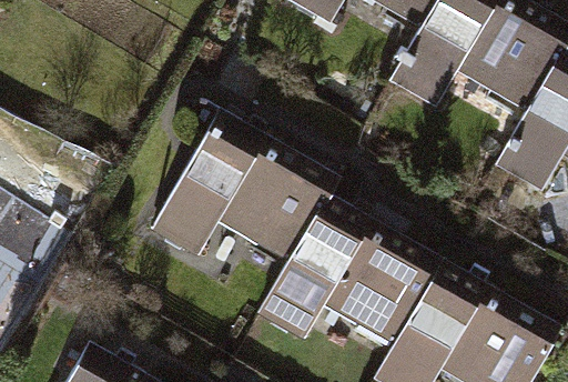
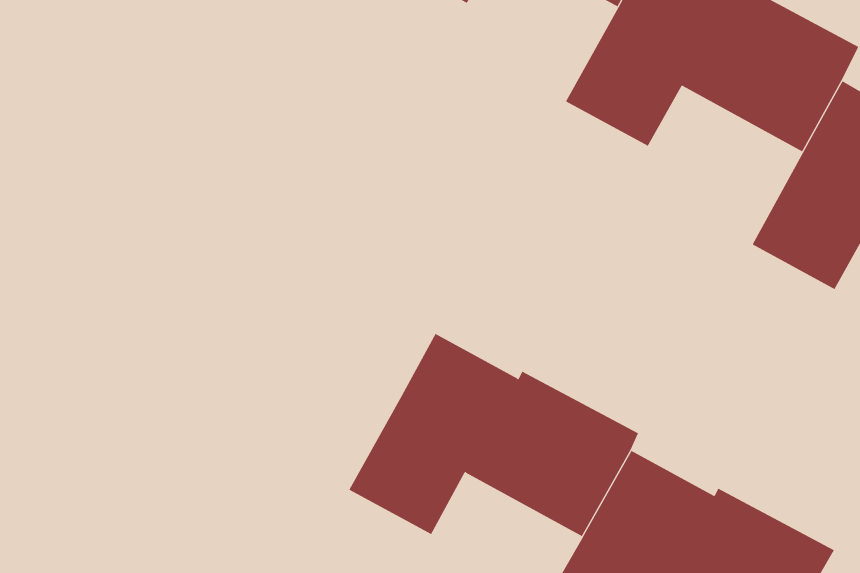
building: [158,131,328,252] -> none

